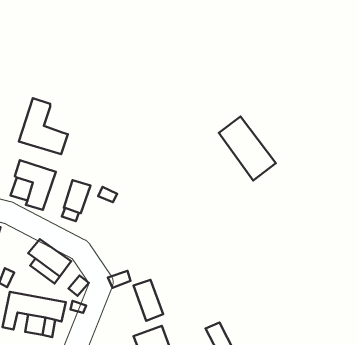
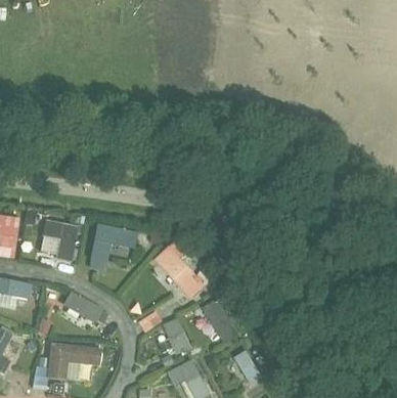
building: [19,98,68,154] -> none
building: [219,117,276,180] -> [157,240,213,299]
building: none -> [204,299,240,341]

